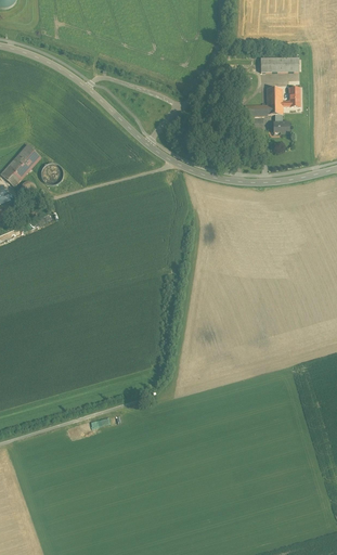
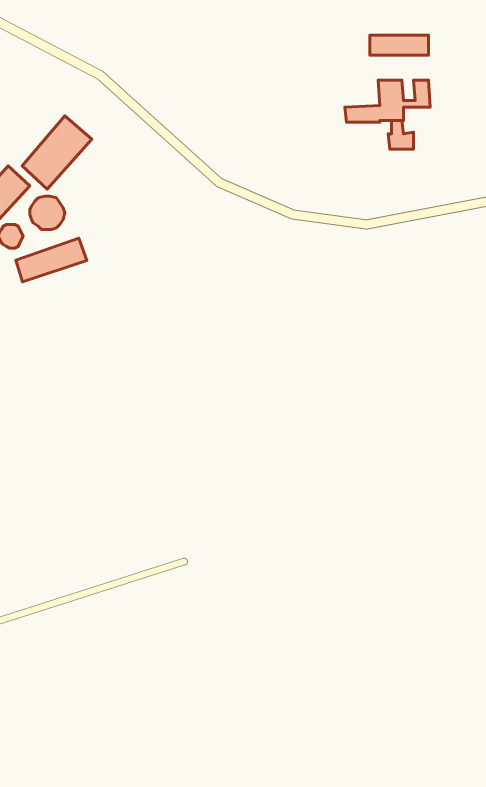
building: none -> [22,116,92,189]
building: none -> [16,238,87,282]

